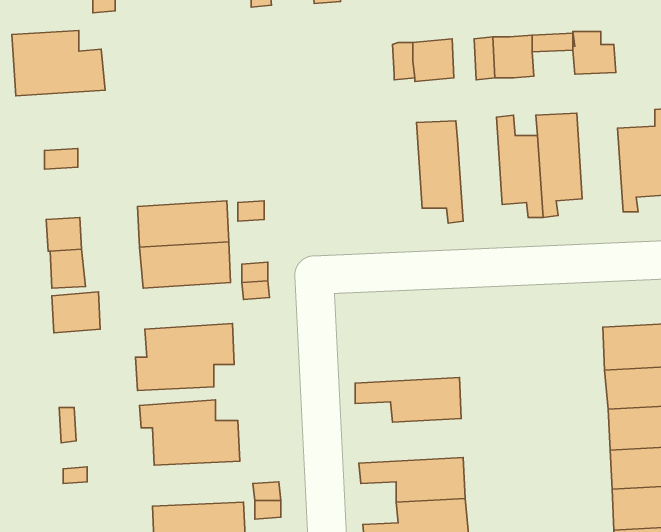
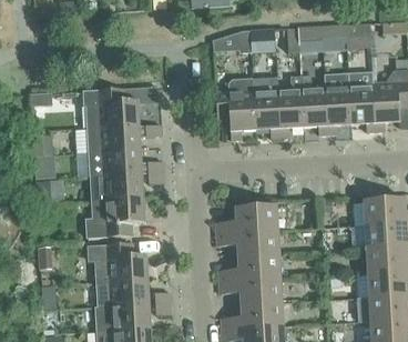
building: [12,31,105,96] -> [83,89,139,128]
building: none -> [347,71,375,132]
building: none -> [276,74,303,137]
building: none -> [215,78,255,140]
building: none -> [89,173,142,201]
building: none -> [214,205,277,233]
building: none -> [217,254,279,281]
building: none -> [94,280,149,306]

